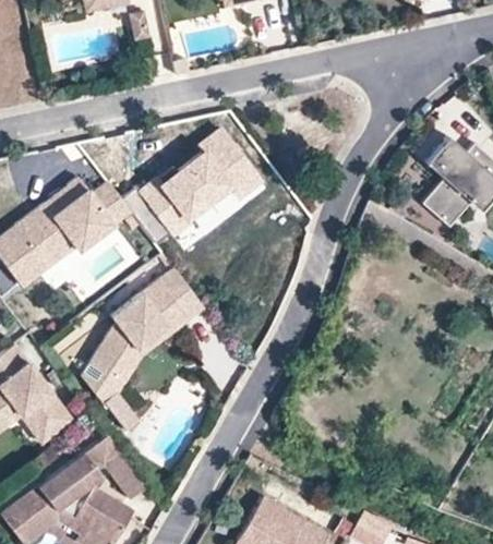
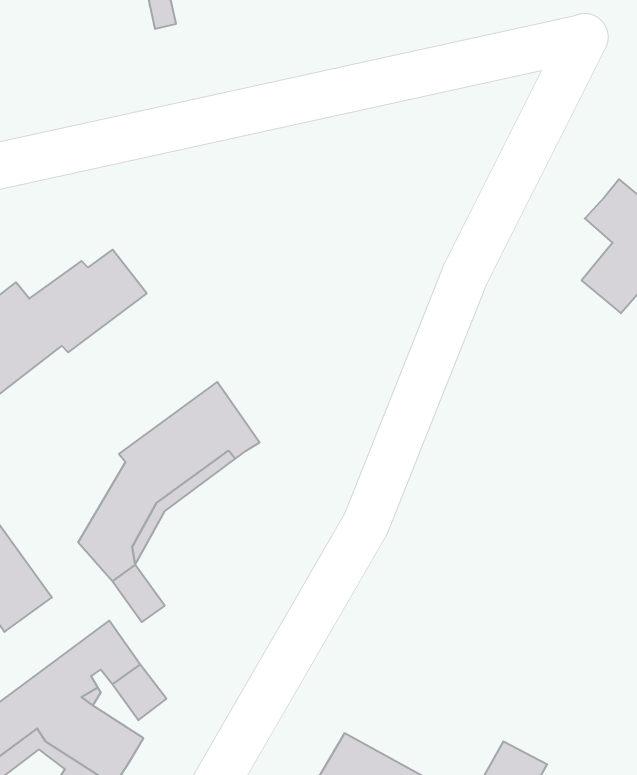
building: [140,126,280,259] -> none

